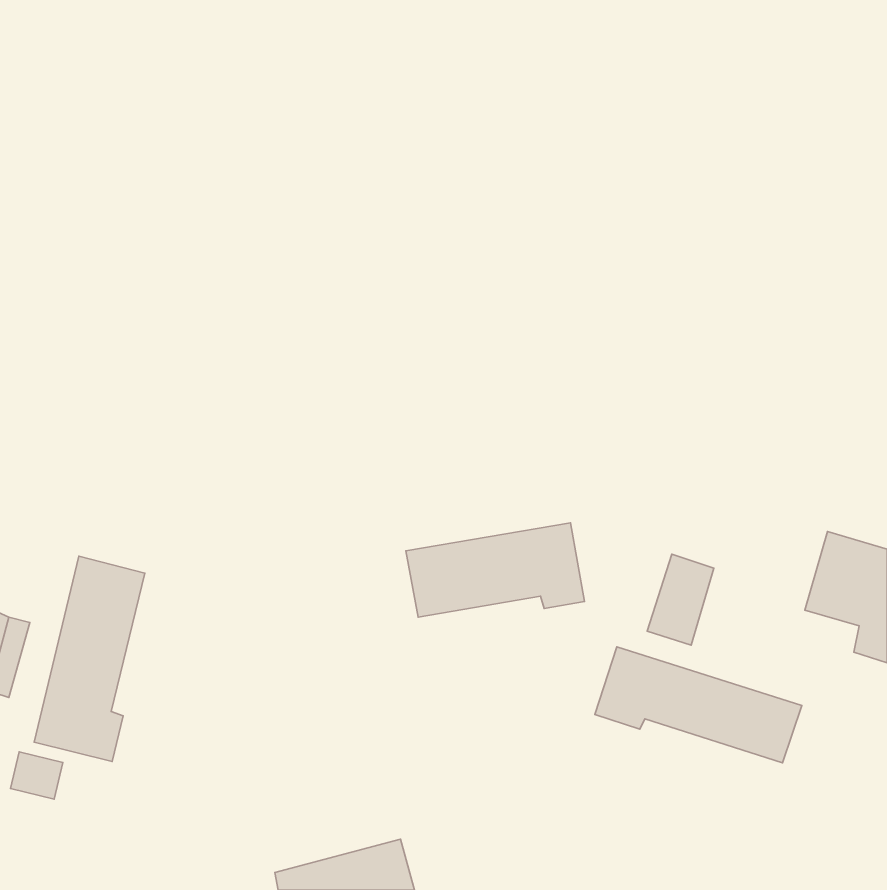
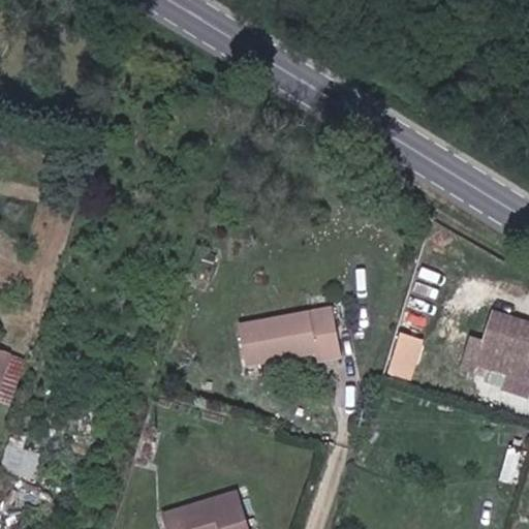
building: [34,556,145,761] -> none
building: [595,647,802,763] -> none

